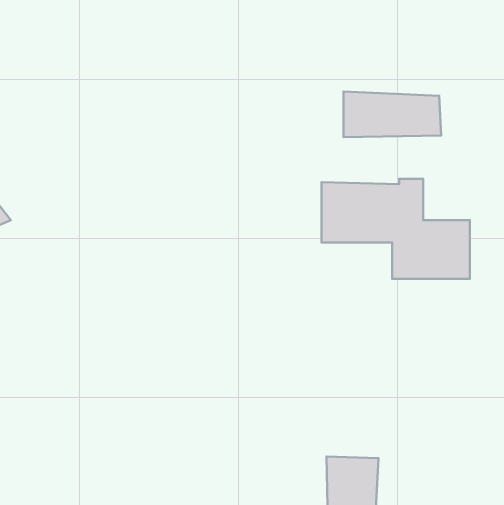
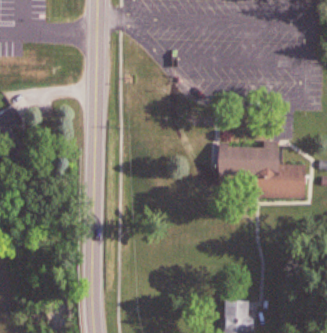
building: [343,92,441,137] -> none

